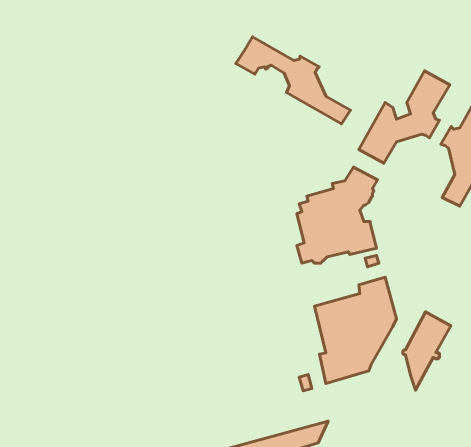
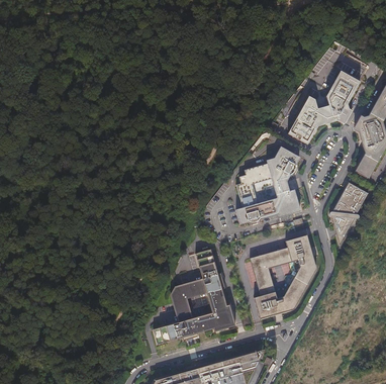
building: [236,37,350,124] -> none
building: none -> [153,248,236,344]
building: [403,312,451,390] -> [329,182,368,245]

